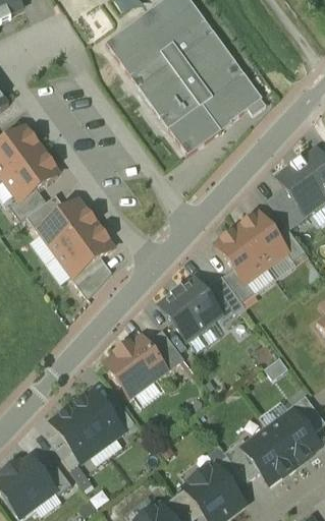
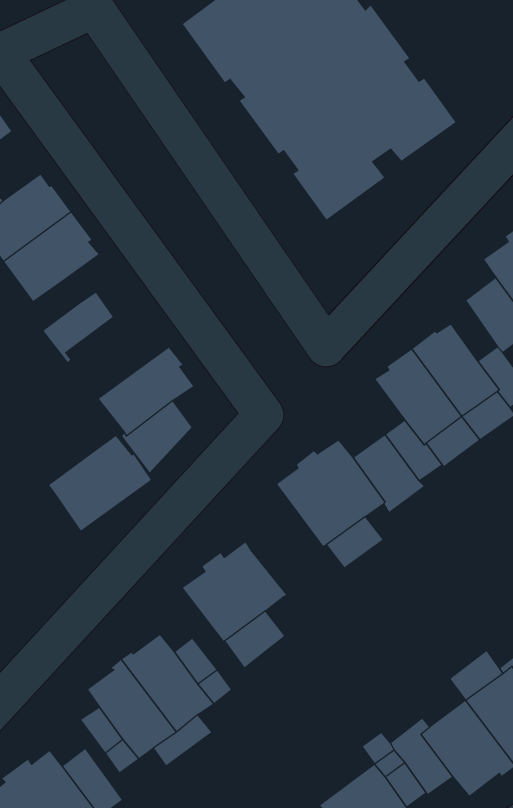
building: [10,188,47,221] -> none
building: [40,200,99,255] -> [48,435,152,532]
building: [146,329,184,371] -> none

